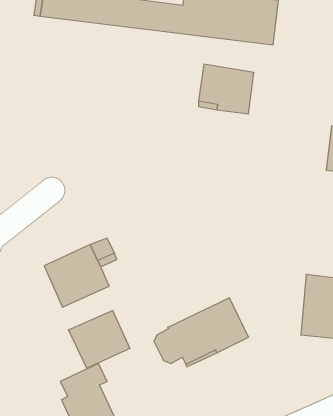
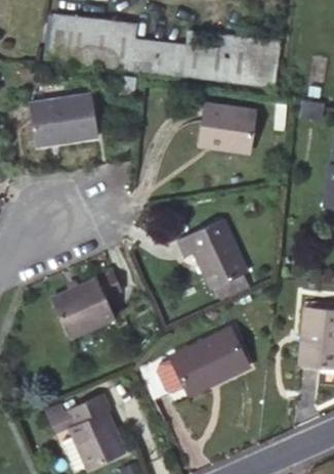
building: none -> [29,96,98,145]
building: none -> [177,218,252,299]
building: [69,311,130,368] -> none

